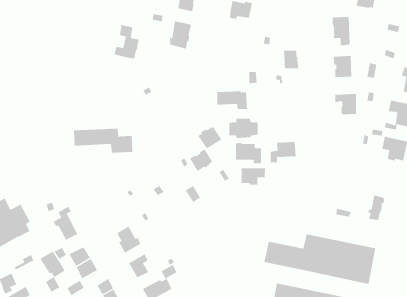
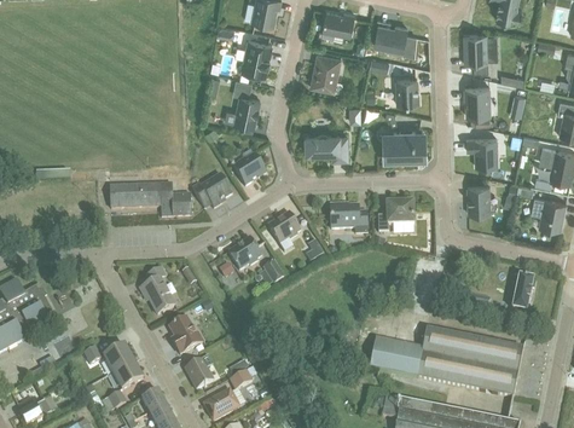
building: none -> [372,21,414,53]
building: [114,24,139,59] -> [224,77,259,125]
building: none -> [309,51,340,88]
building: [228,118,259,139] -> [383,128,424,156]
building: none -> [191,173,232,207]
building: [197,126,222,149] -> [232,152,266,184]
building: none -> [466,183,488,212]
building: none -> [227,236,261,267]
building: [241,168,265,185] -> none
building: [52,206,78,240] -> [139,265,174,312]
building: [40,251,65,293] -> none

